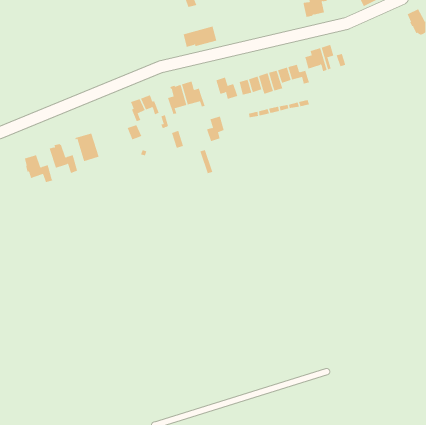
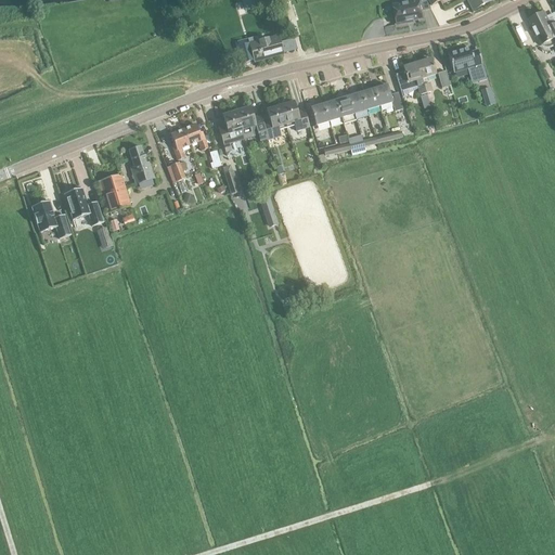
building: none -> [447,46,486,82]
building: none -> [127,145,154,182]
building: [206,116,225,142] -> [261,104,285,138]

